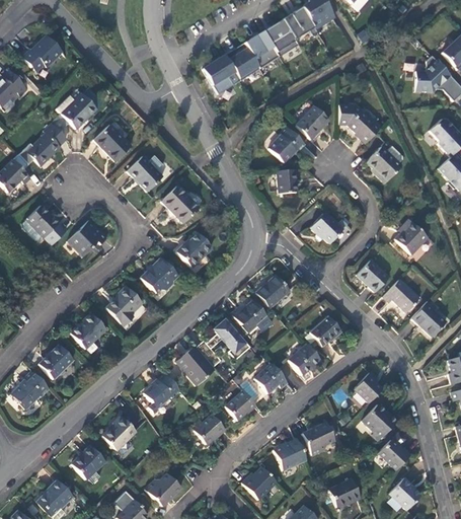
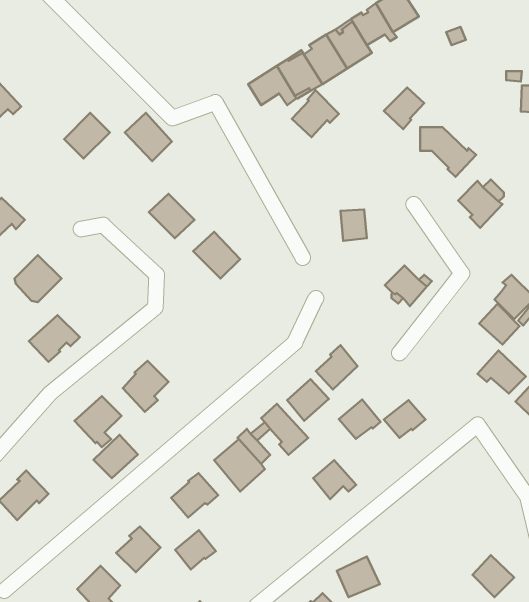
building: [21,34,61,71] -> none
building: [295,105,326,138] -> [384,87,424,129]
building: [26,122,67,165] -> none
building: [93,124,130,161] -> [125,113,172,161]
building: [268,126,305,162] -> [292,90,339,137]
building: [67,220,106,256] -> [29,315,80,362]
building: [175,232,211,267] -> none
building: [140,257,177,293] -> none
building: [357,260,388,291] -> [479,304,520,344]
building: [288,344,320,374] -> [339,400,381,439]
building: [39,345,73,378] -> [93,435,138,478]
building: [354,372,381,402] -> none
building: [225,390,255,420] -> none
building: [362,404,396,440] -> none
building: [194,414,225,444] -> [175,530,216,569]
building: [302,422,333,454] -> none

